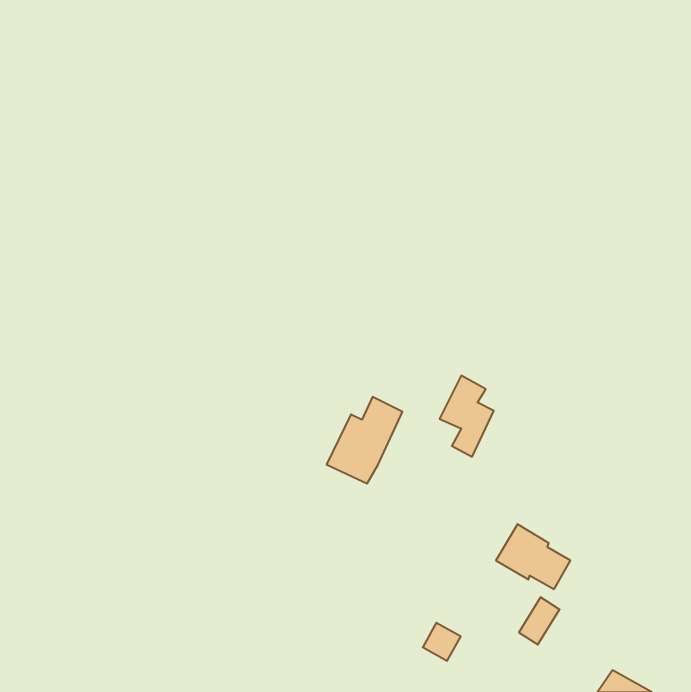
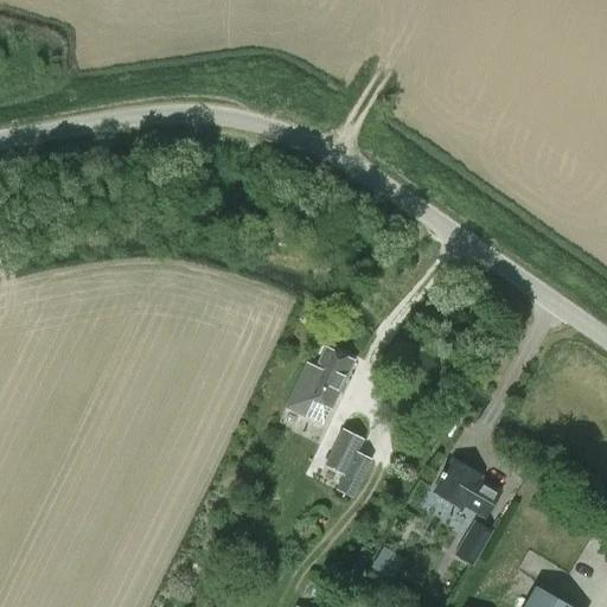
building: [440,376,494,457] -> [324,428,371,499]

